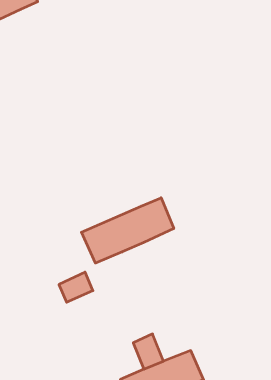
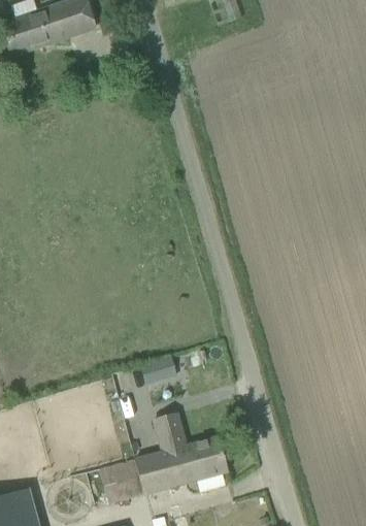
building: [81,198,174,263] -> none
building: [59,272,93,302] -> [140,355,177,386]

